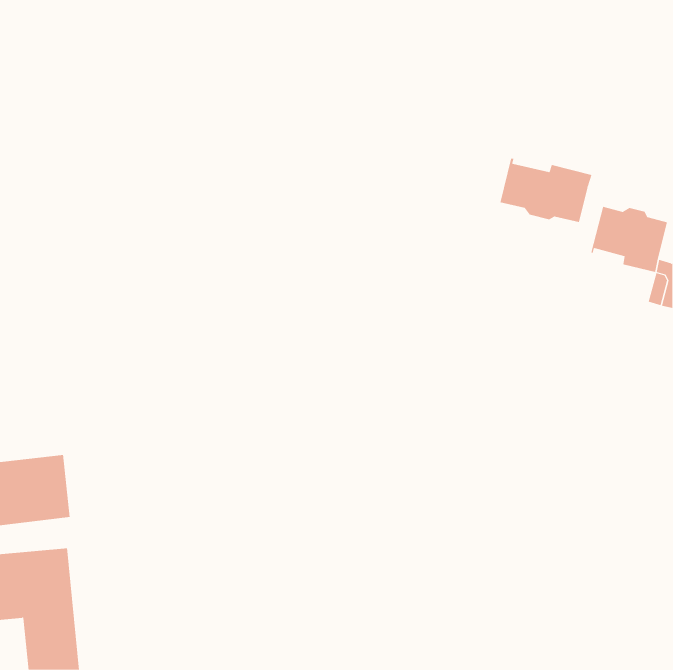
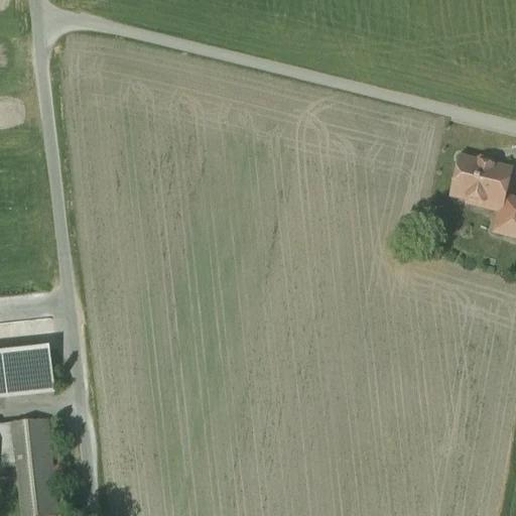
building: [500,158,592,223] -> none

